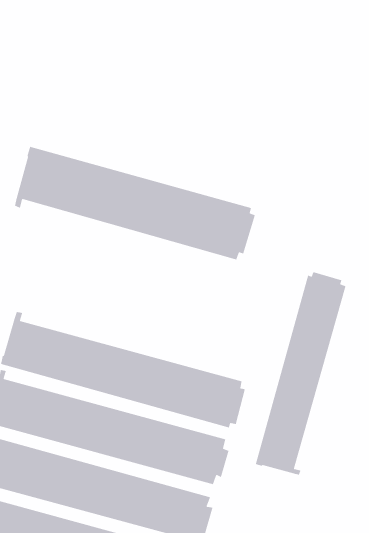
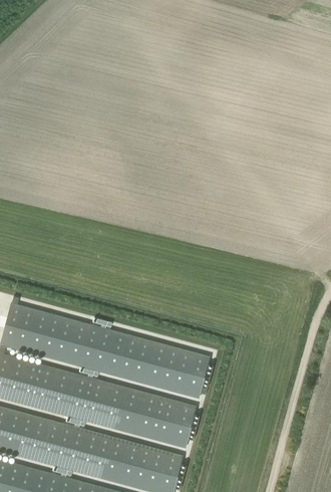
building: [14,146,256,261] -> none
building: [255,271,347,476] -> none

